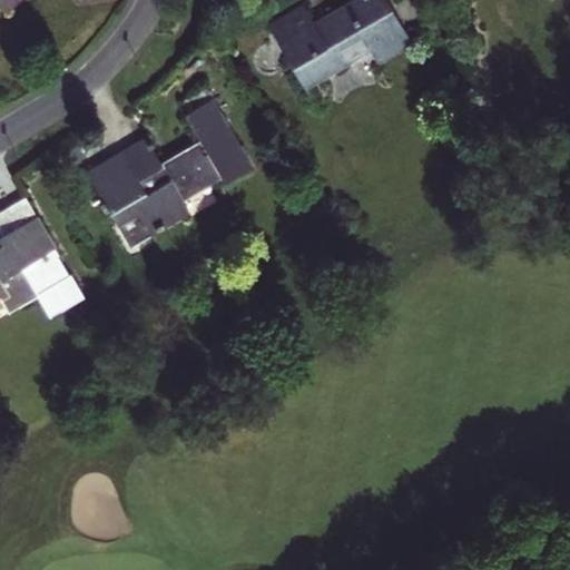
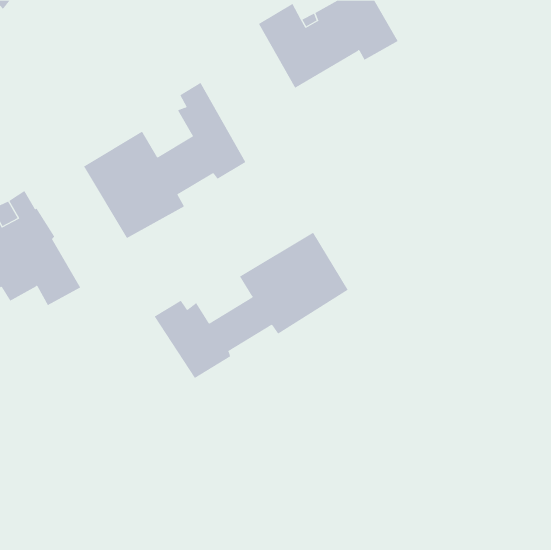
building: none -> [154,232,349,379]

